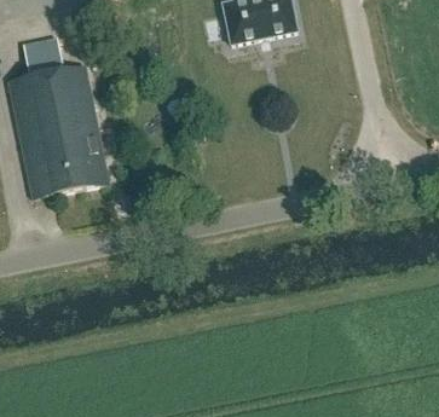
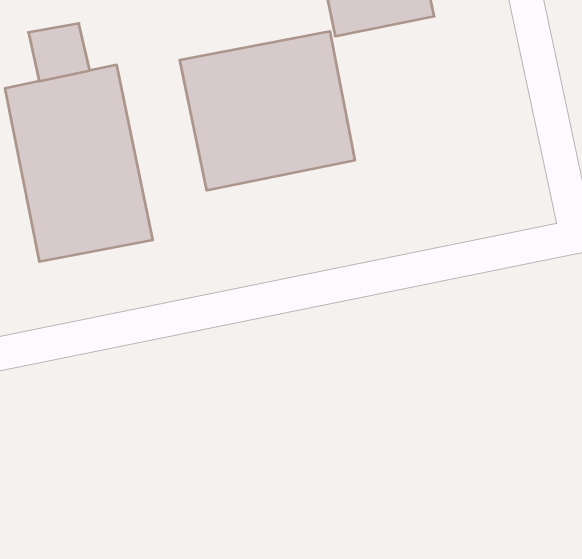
building: none -> [180,31,355,190]

